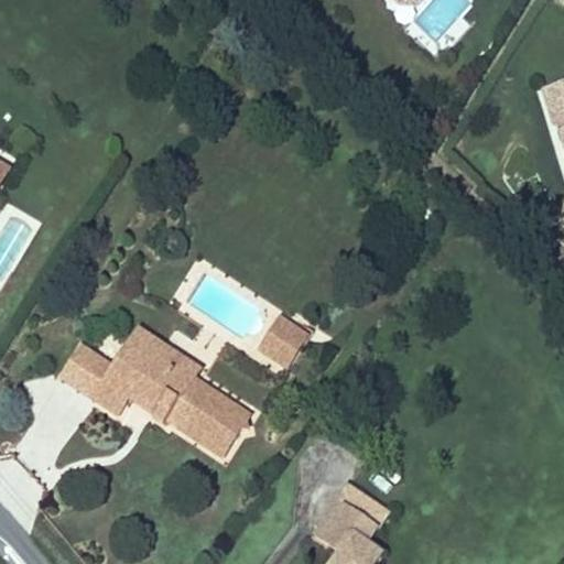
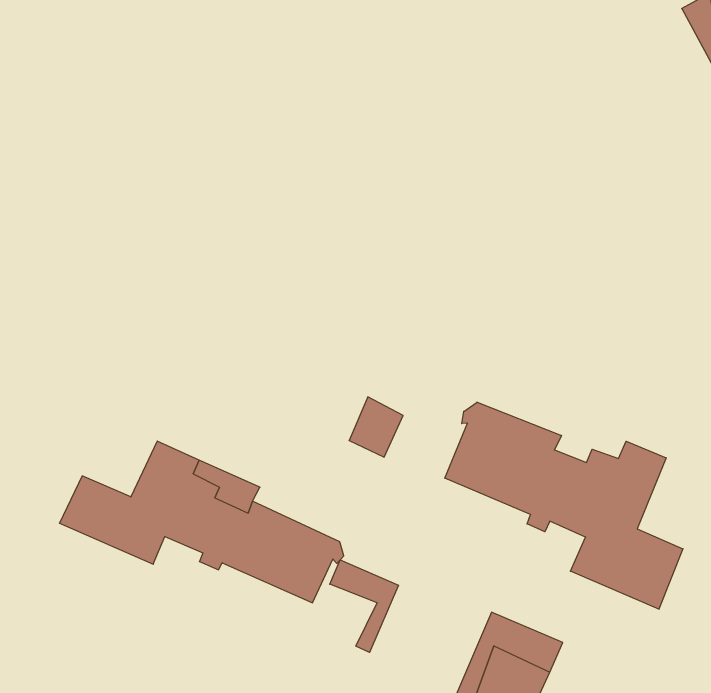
building: none -> [445,402,683,609]
building: none -> [330,560,399,652]

